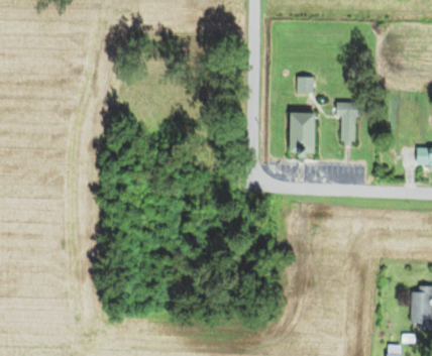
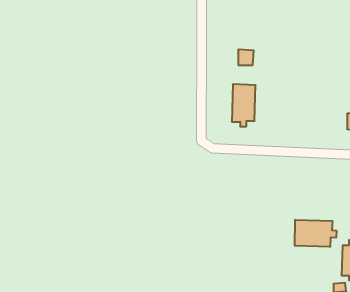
building: [337,103,361,146] -> none
building: none -> [295,220,336,247]

